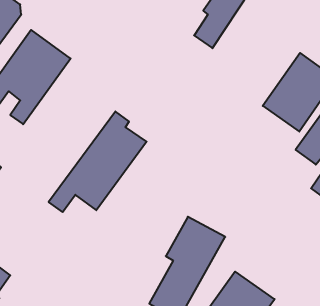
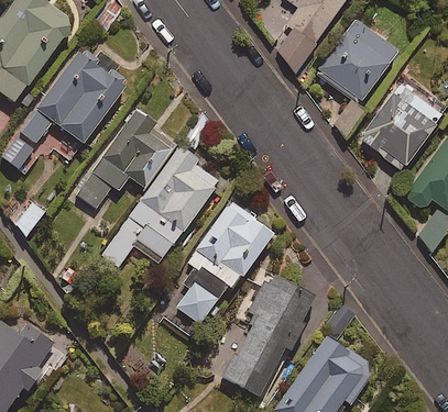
building: none -> [317,20,397,104]
building: none -> [77,111,175,209]
building: none -> [167,200,272,337]

